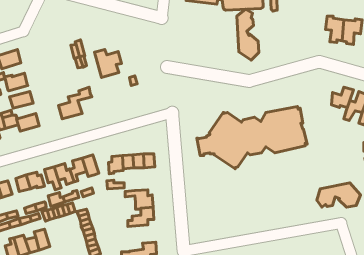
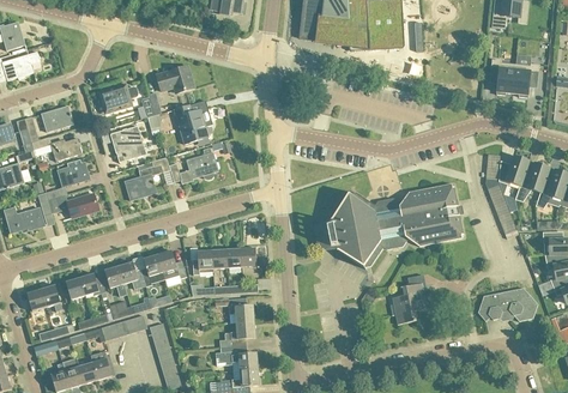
building: [237,9,259,60] -> none
building: none -> [155,65,193,92]
building: none -> [97,83,137,109]
building: none -> [109,125,141,161]
building: none -> [168,146,217,182]
building: none -> [484,151,514,231]
building: none -> [391,283,425,324]
building: none -> [213,344,256,369]

